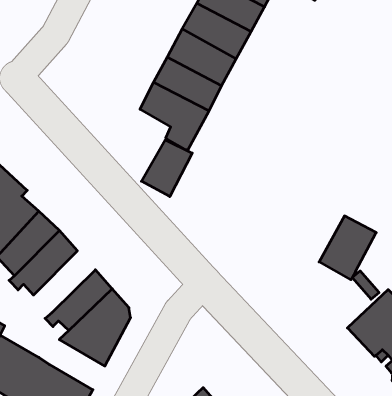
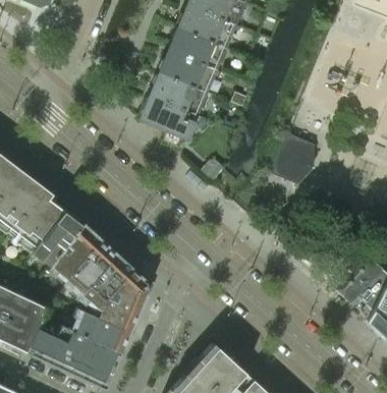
building: [141,140,192,197] -> none
building: [319,216,376,280] -> [270,133,315,185]
building: none -> [62,239,115,292]
building: none -> [73,307,130,352]

